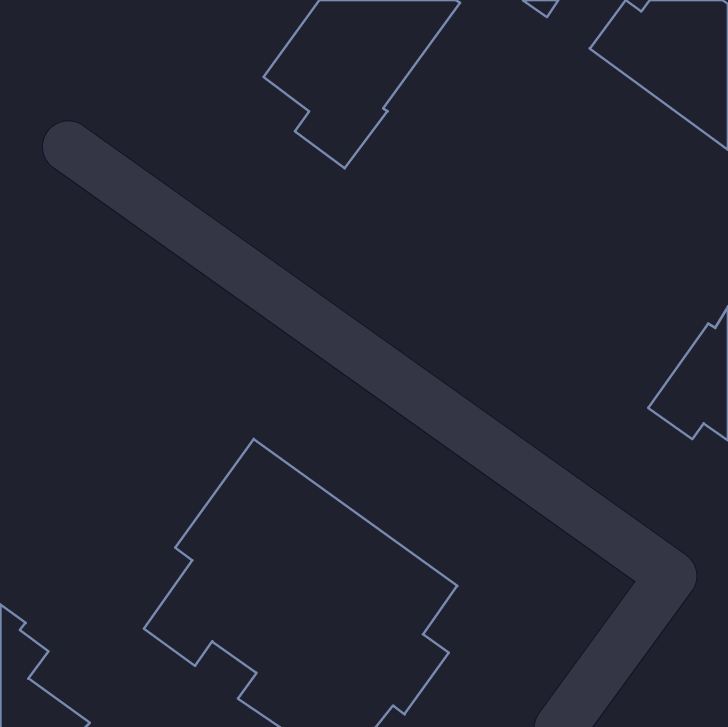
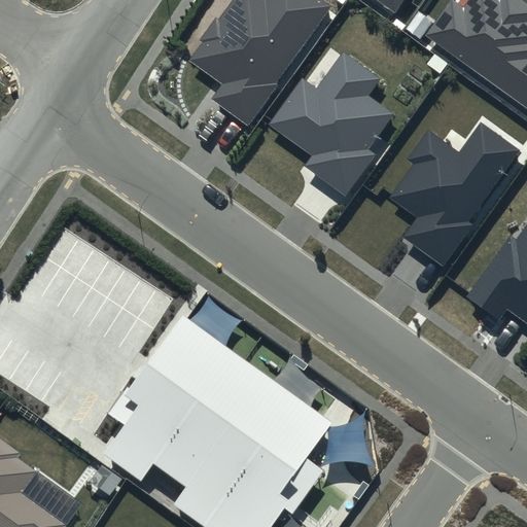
building: none -> [269,49,394,194]
building: none -> [391,119,521,262]

